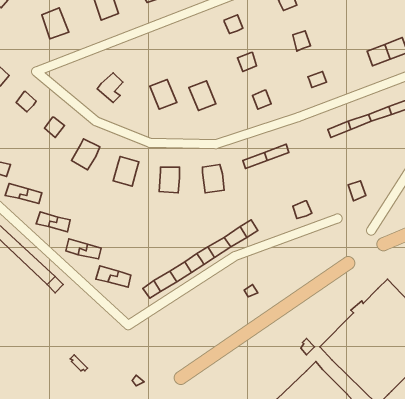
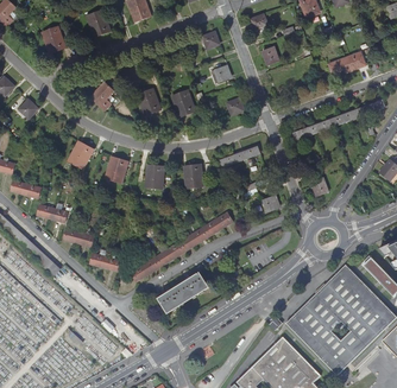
building: none -> [160,274,209,313]

